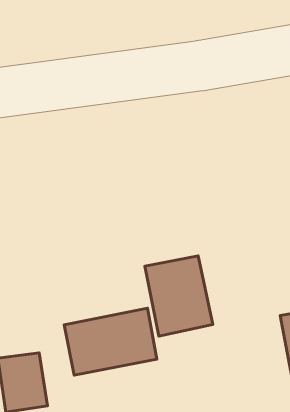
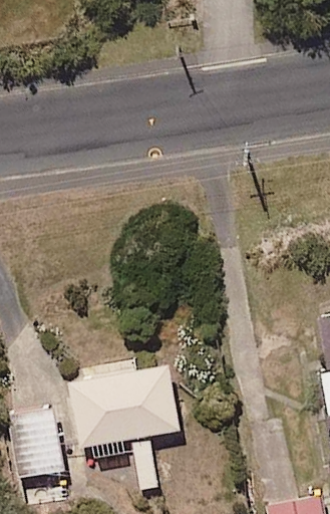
building: [145,256,213,336] -> none

